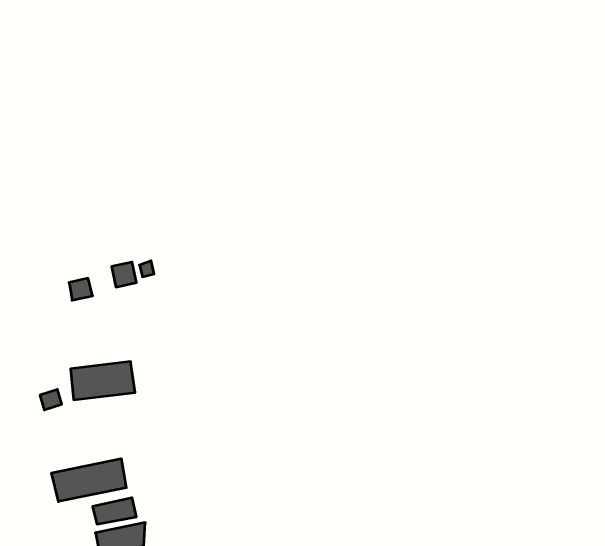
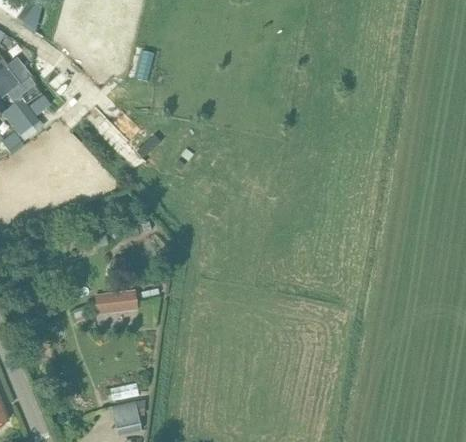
building: [52,459,126,502] -> none

